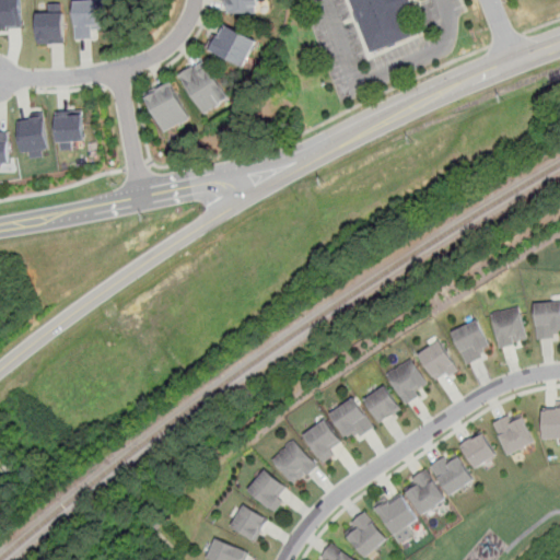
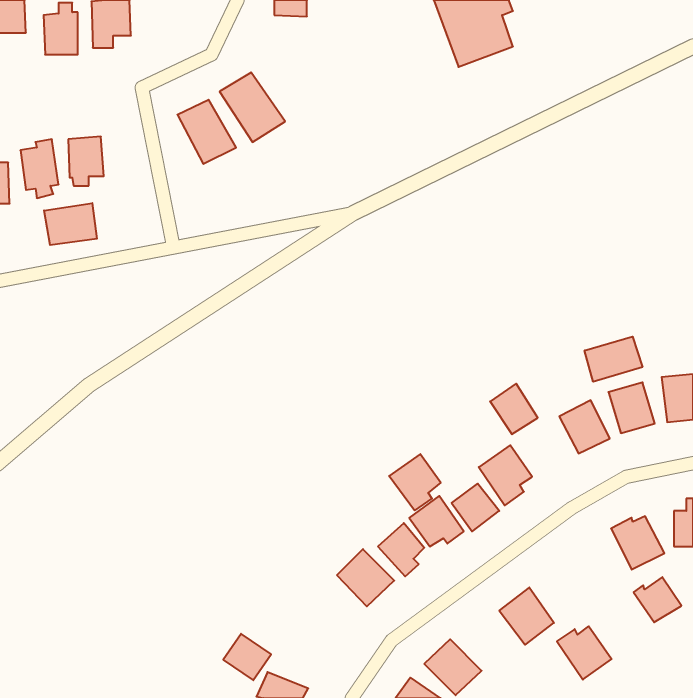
building: [211,27,253,67] -> none
building: none -> [44,203,97,245]
building: none -> [585,337,642,382]
building: [416,340,454,381] -> [490,384,538,434]
building: none -> [389,454,441,510]
building: [457,432,495,468] -> [634,577,681,622]
building: [429,453,472,495] -> [557,626,612,680]
building: [246,469,284,511] -> none
building: [373,491,416,536] -> none
building: [229,503,267,540] -> [223,634,271,680]

